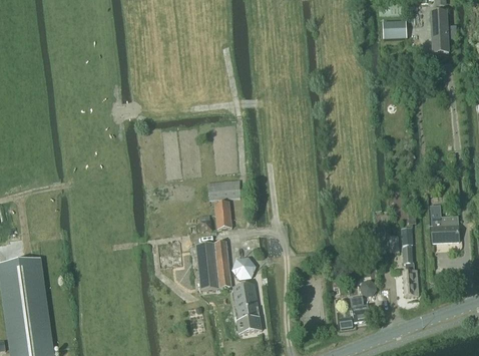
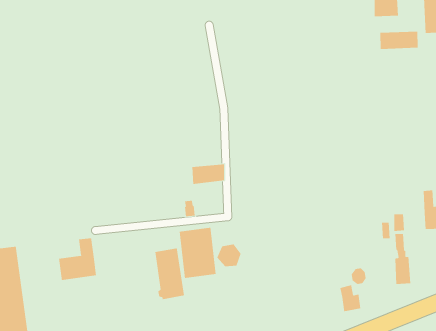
building: none -> [380,31,418,50]
building: [214,200,231,228] -> none
building: none -> [58,237,97,281]
building: [232,282,262,332] -> [154,248,185,300]

